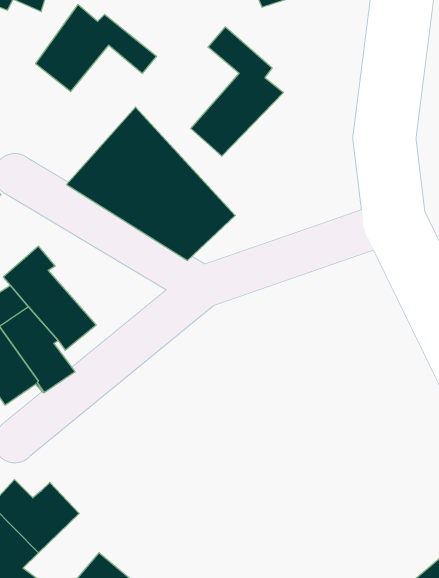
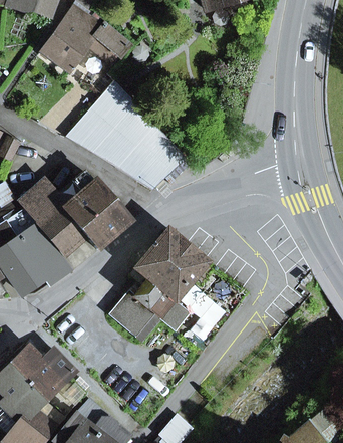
building: [191,27,283,156] -> none
building: none -> [53,171,131,248]
building: none -> [110,229,211,341]

